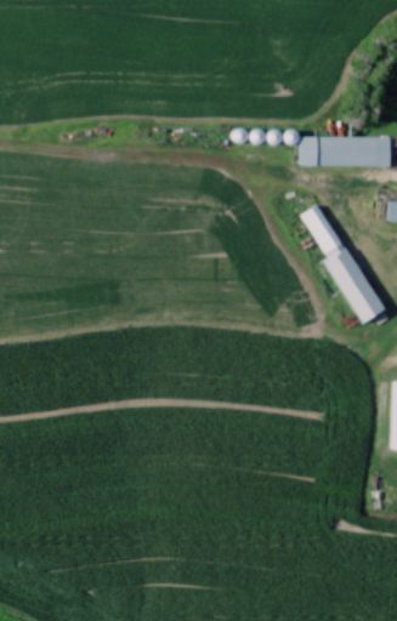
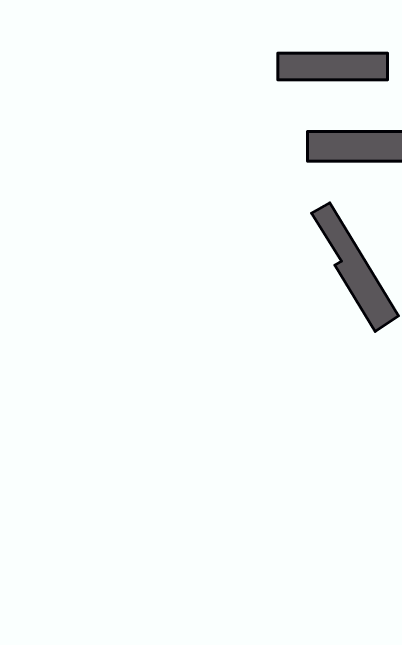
building: none -> [278,53,388,80]

